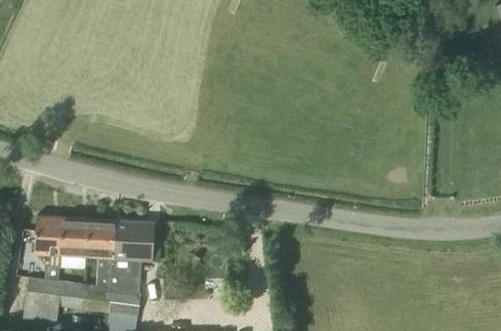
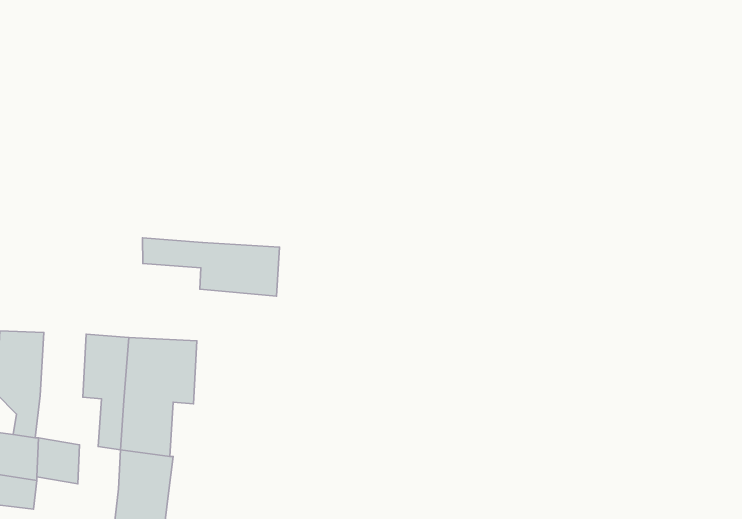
building: none -> [142,238,280,296]
building: [60,217,88,256] -> none
building: [83,285,109,312] -> none

